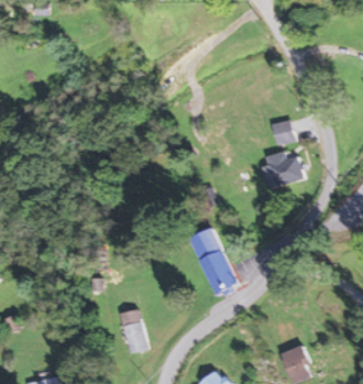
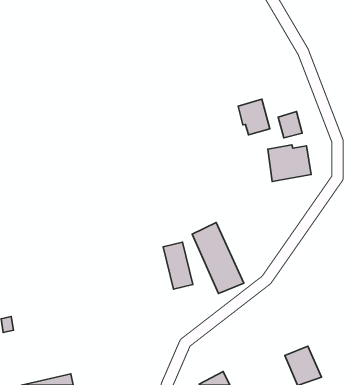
building: none -> [238,99,270,135]
building: [119,309,147,354] -> [163,242,193,289]

